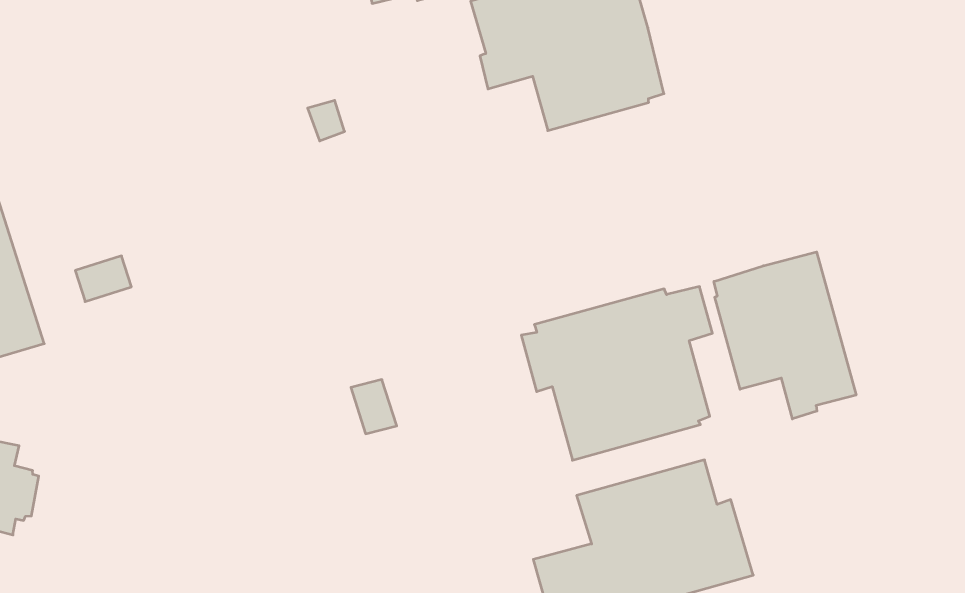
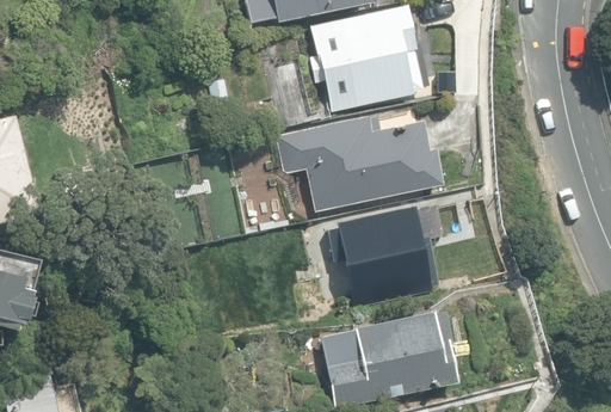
building: none -> [277,116,443,211]
building: [714,252,856,419] -> none

